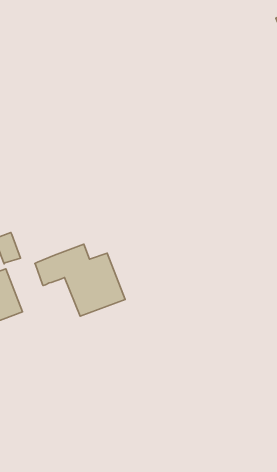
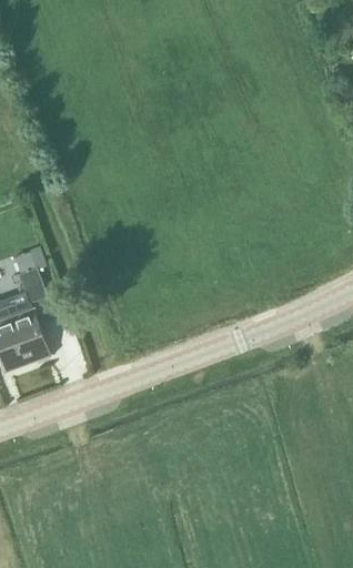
building: [35,244,125,316] -> none

